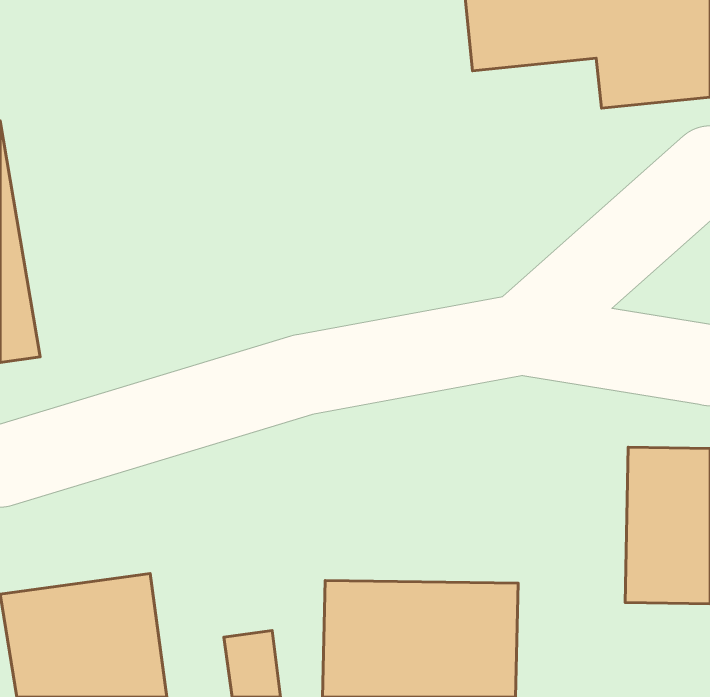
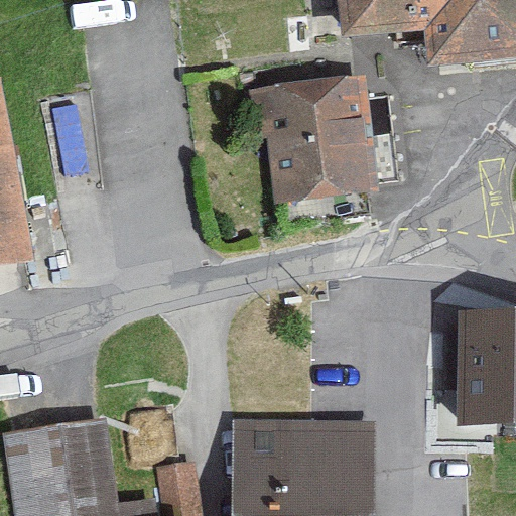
building: none -> [253,82,376,197]

